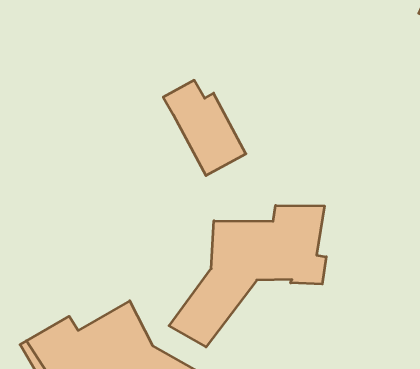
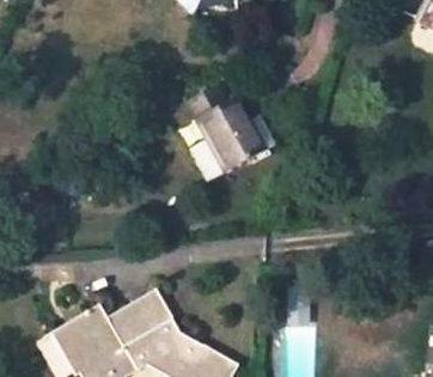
building: [169,205,326,347] -> none

